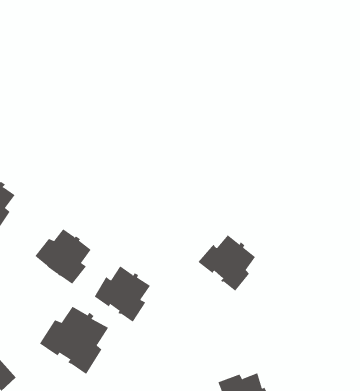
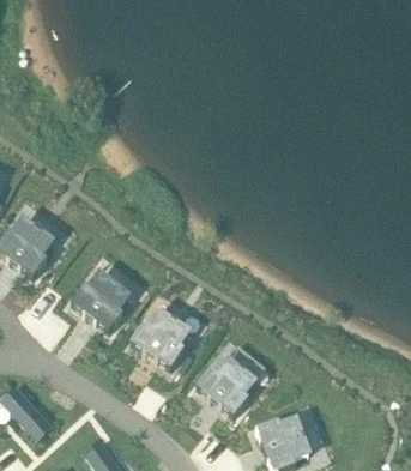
building: [198,234,256,292] -> [195,358,254,416]
building: [39,306,109,375] -> none

